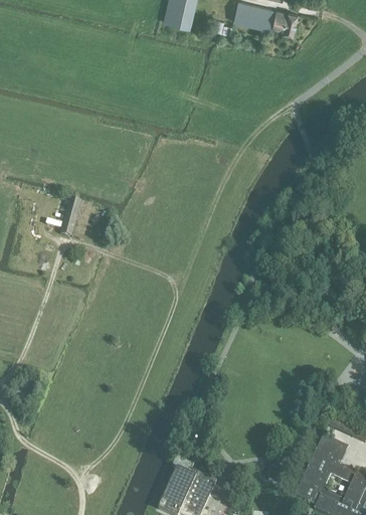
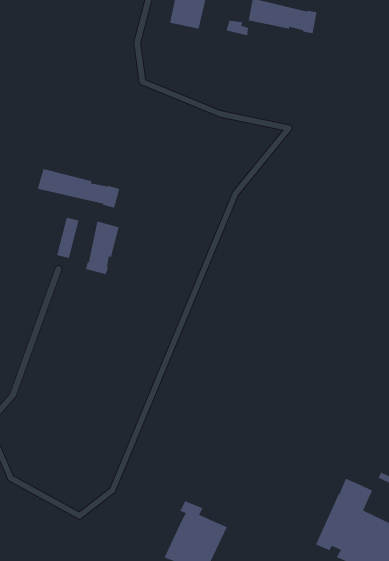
building: none -> [37,168,120,209]
building: none -> [85,221,119,275]

